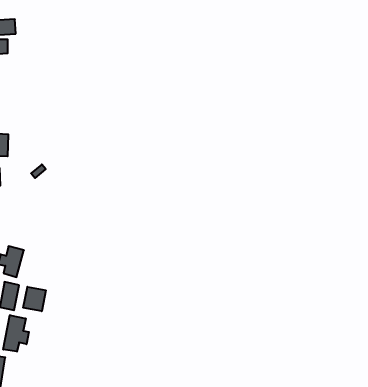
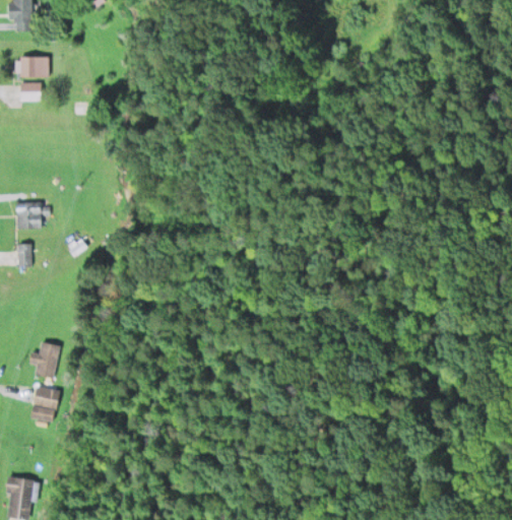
building: [23,287,46,311] -> none
building: [3,315,29,352] -> none

